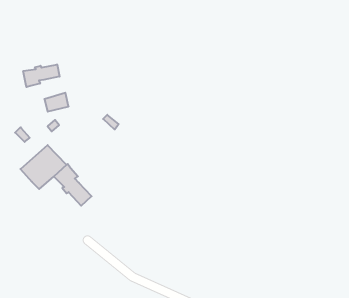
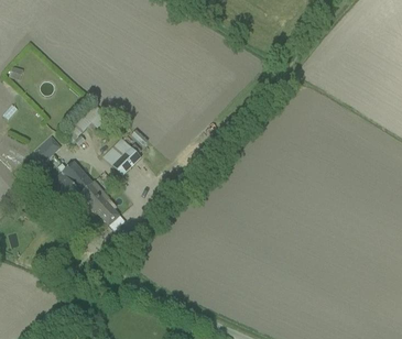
building: [23,64,60,87] -> none
building: none -> [102,138,142,176]

